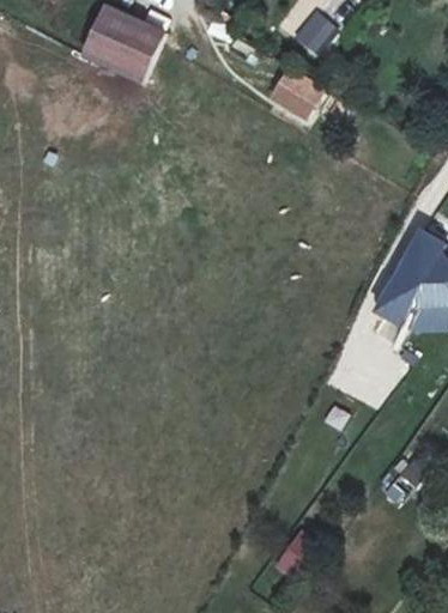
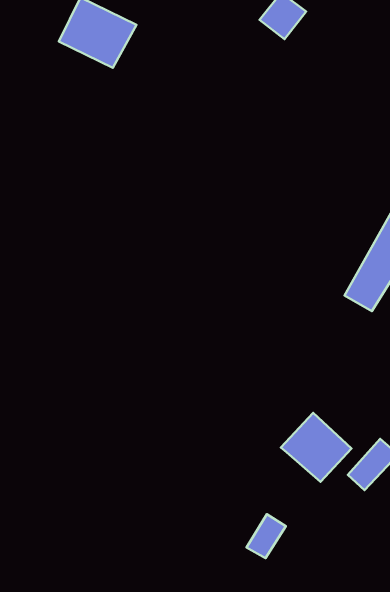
building: [267,65,325,120] -> none
building: none -> [281,413,352,482]

